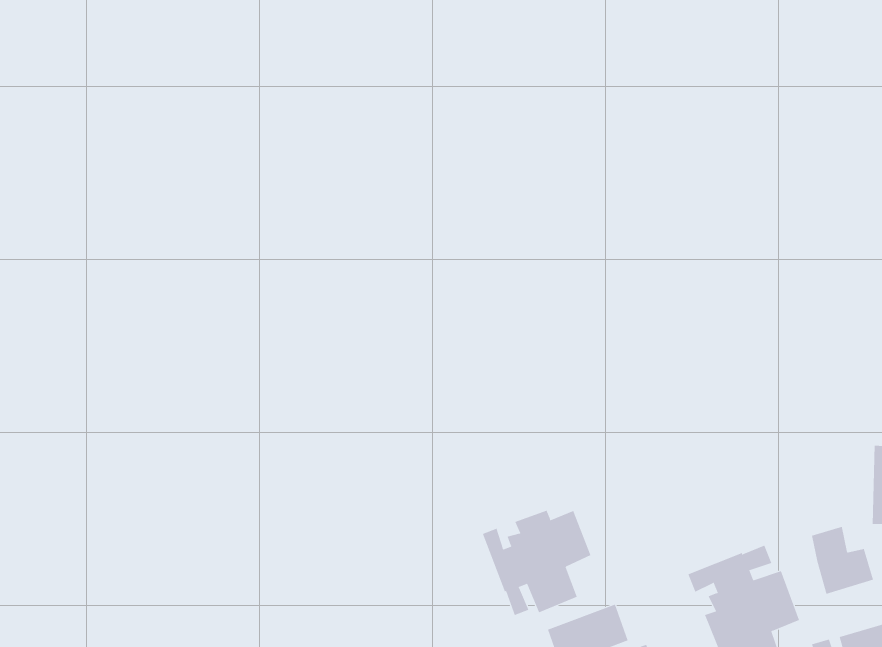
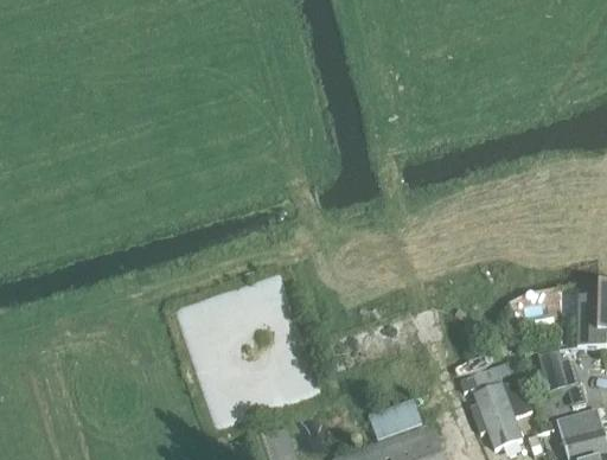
building: [482,510,591,616] -> none

